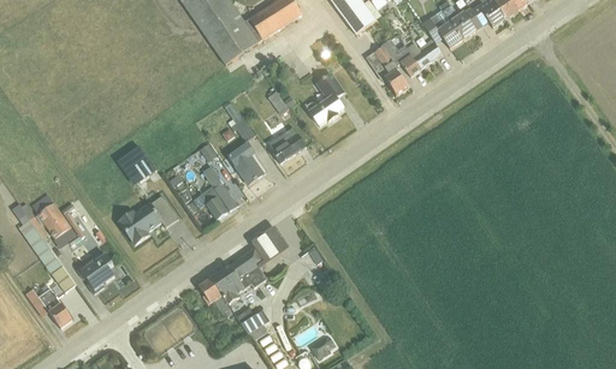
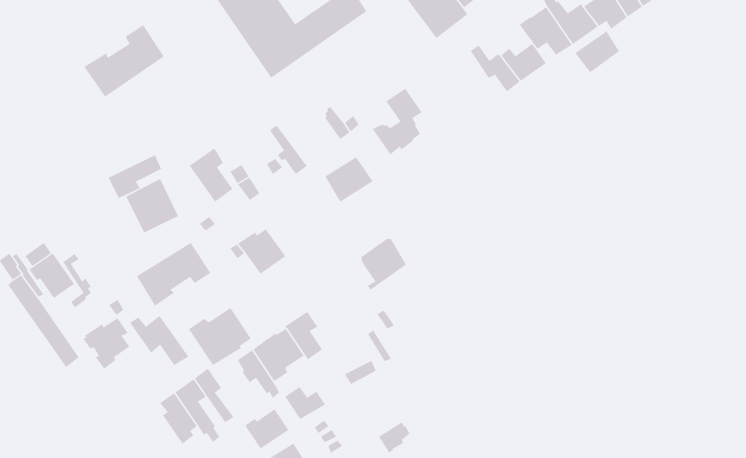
building: none -> [83,24,164,98]
building: none -> [575,31,620,73]
building: [365,43,407,94] -> none
building: none -> [108,154,162,199]
building: [227,141,262,184] -> [189,147,233,203]
building: [251,226,288,267] -> [361,238,407,291]
building: none -> [188,307,251,366]
building: [25,287,72,327] -> [129,315,189,366]
building: none -> [245,408,289,449]

